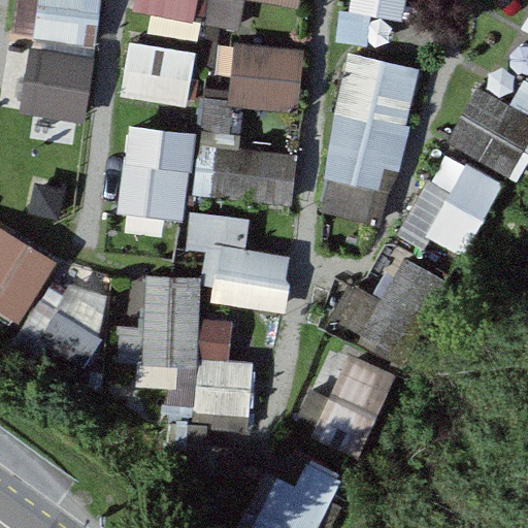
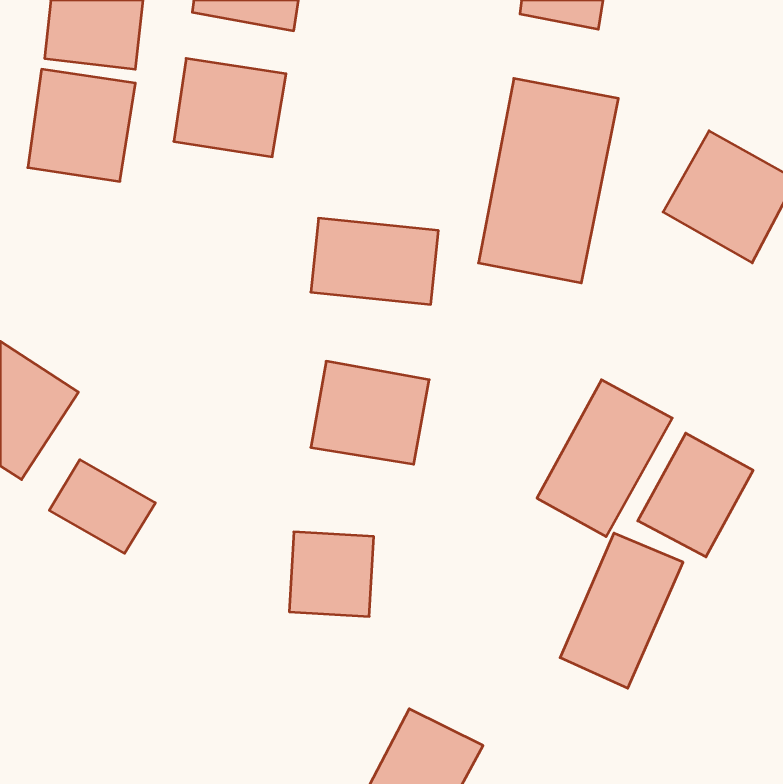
building: [228,43,302,111] -> none
building: [117,125,193,221] -> none
building: [426,162,503,256] -> none
building: [142,274,200,364] -> none
building: none -> [638,433,753,557]
building: [310,353,393,457] -> [560,533,683,688]

